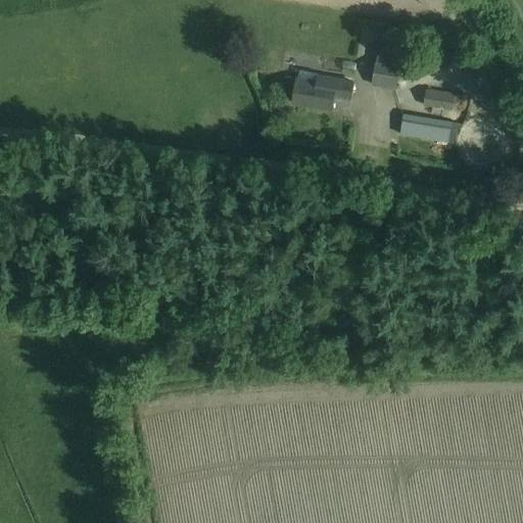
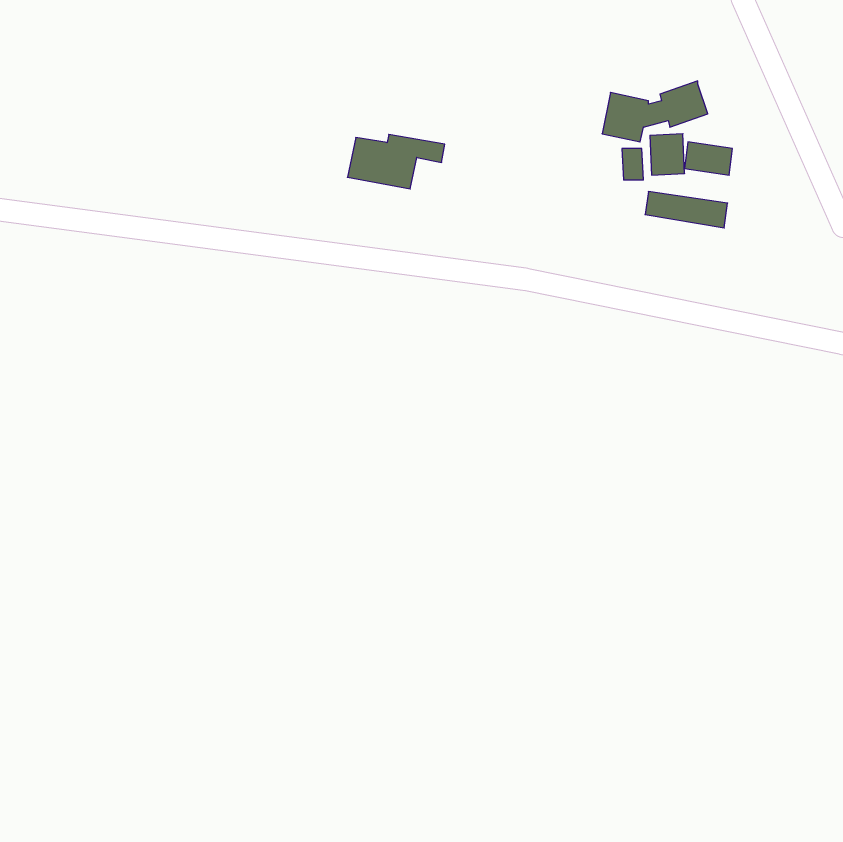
building: [293,75,353,108] -> [347,134,445,189]

